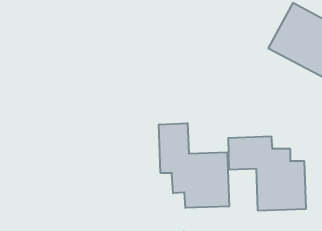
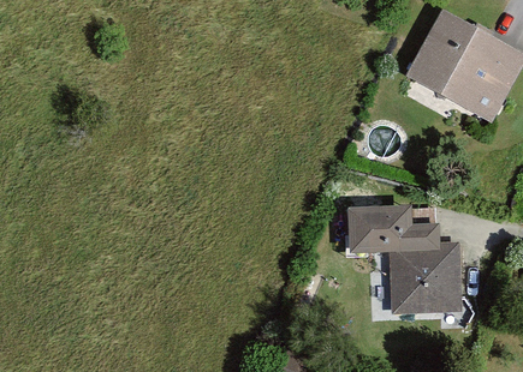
building: [159,123,229,208] -> none

